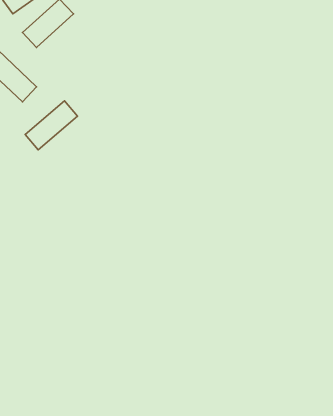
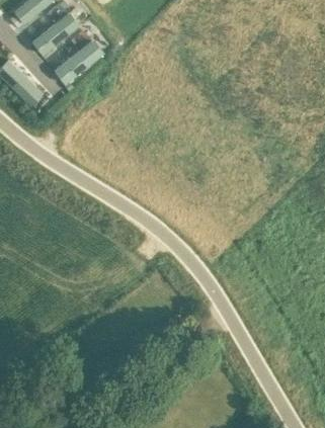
building: [25,101,77,150] -> [54,38,102,84]

